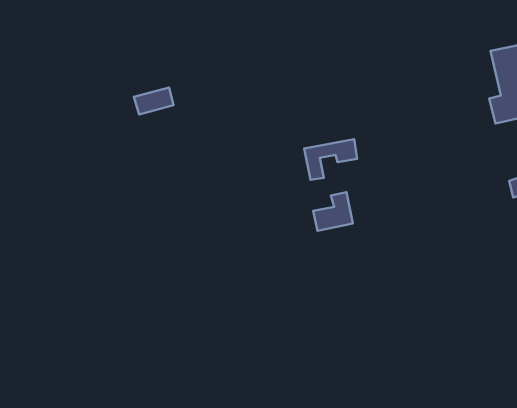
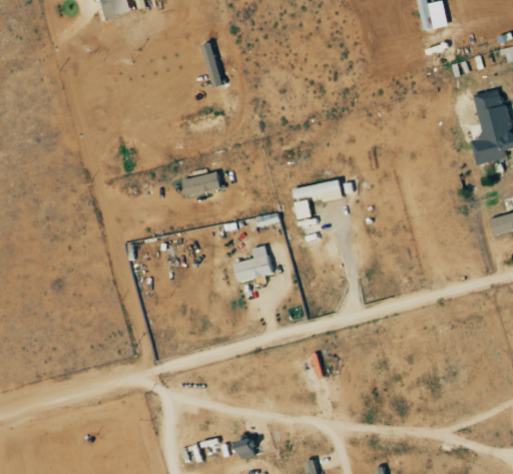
building: [134,87,173,114] -> [184,171,222,197]
building: [313,192,353,231] -> [235,245,274,282]

